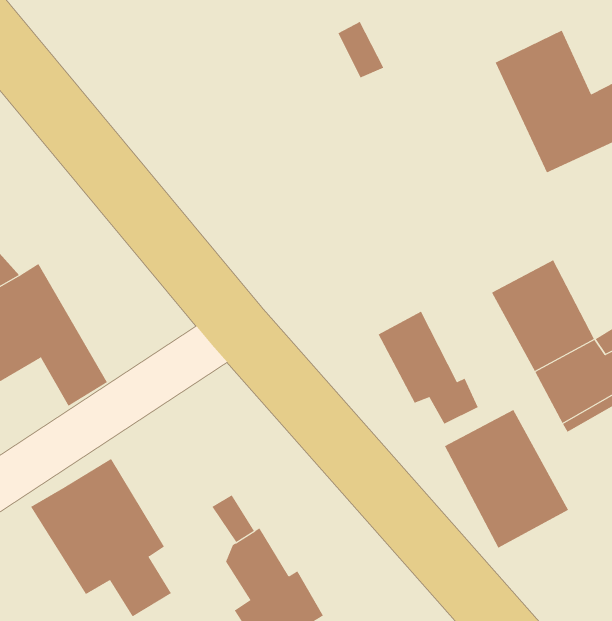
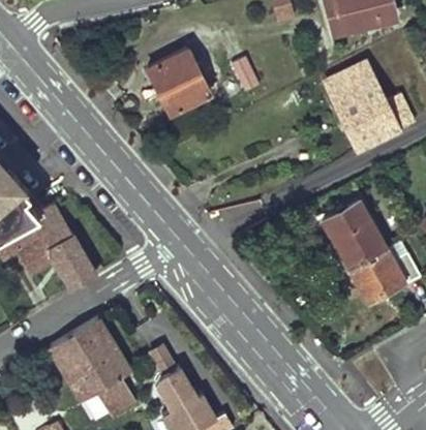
building: none -> [146,50,208,114]
building: [378,311,478,425] -> none
building: [444,409,569,549] -> none

